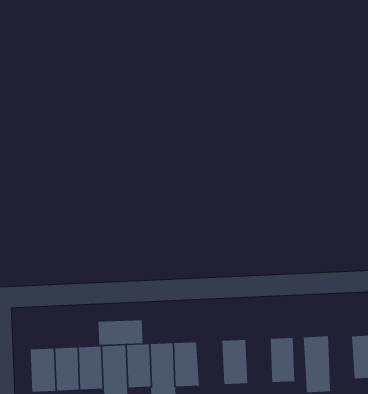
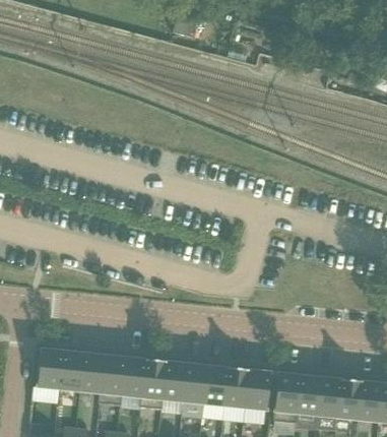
building: [98,319,143,345] -> none
building: none -> [295,375,318,416]
building: none -> [223,368,248,409]
building: none -> [182,364,206,404]

